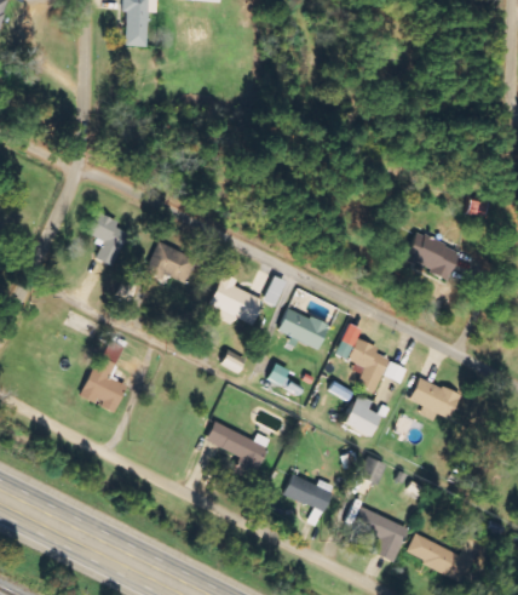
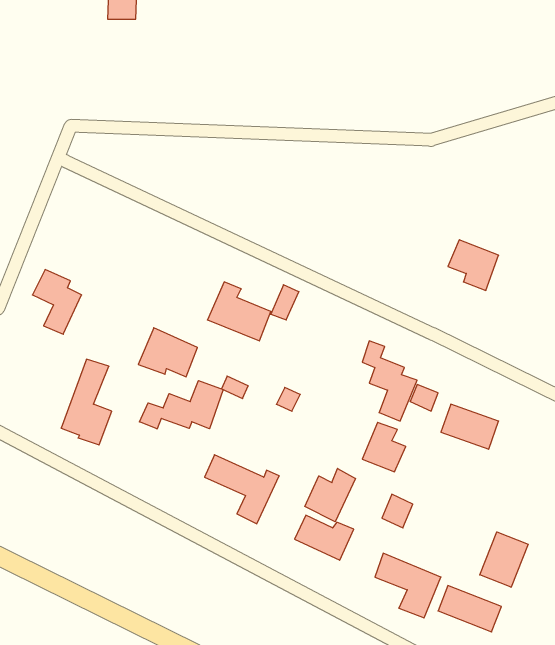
building: [86,211,128,267] -> [32,270,82,334]
building: [145,241,196,284] -> [138,328,197,377]
building: [277,308,328,349] -> none
building: none -> [139,381,223,429]
building: none -> [305,468,355,522]
building: none -> [480,532,528,587]

